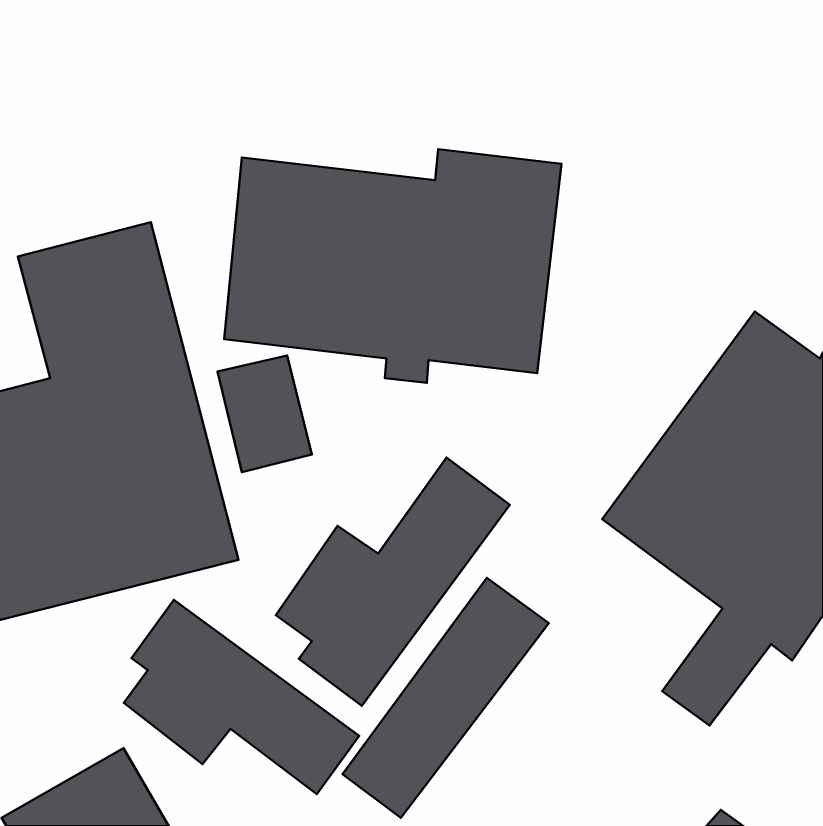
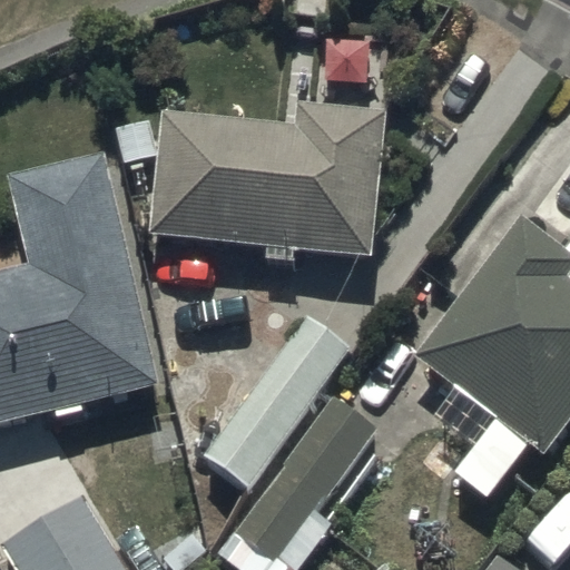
building: [124,600,359,794] -> none

